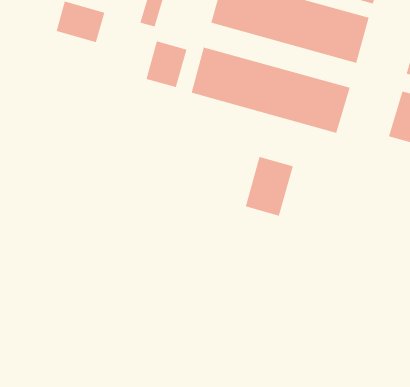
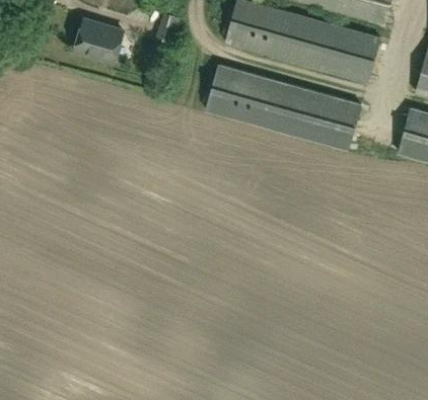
building: [146,41,187,88] -> none
building: [245,156,293,217] -> none

